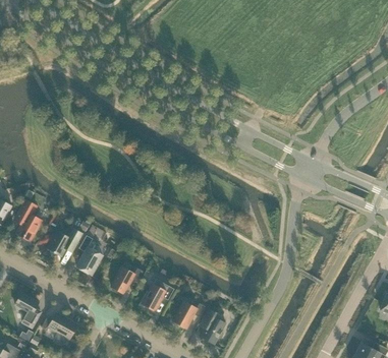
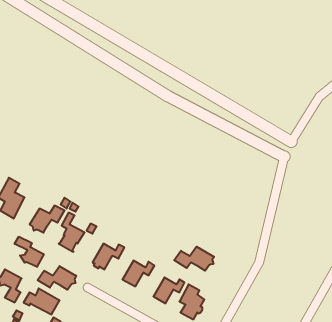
building: none -> [15,237,44,267]
building: none -> [174,247,214,271]
building: none -> [38,266,76,290]

